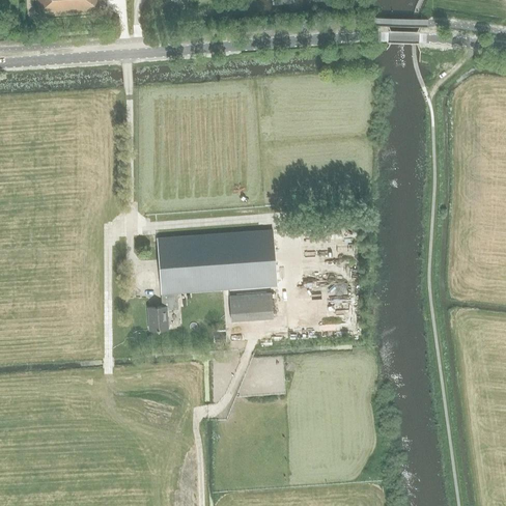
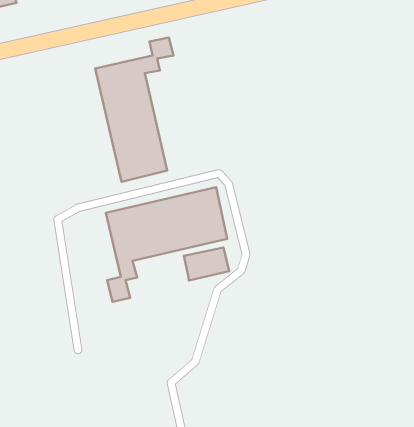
building: none -> [95,37,173,182]

